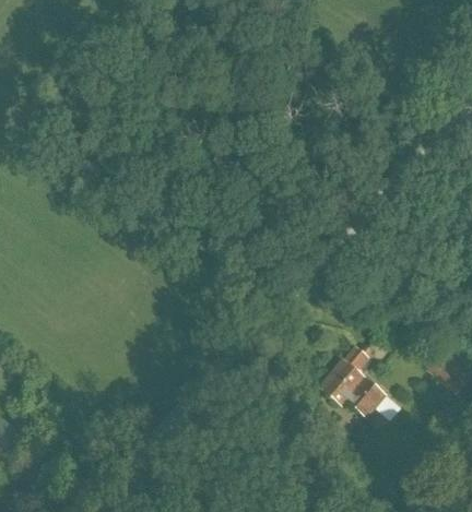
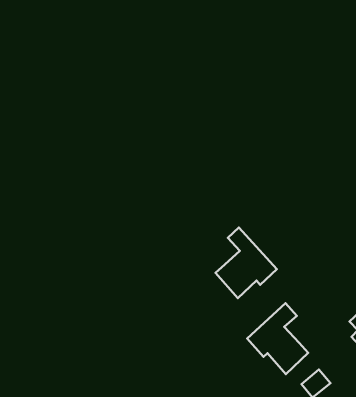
building: none -> [216,227,277,298]

